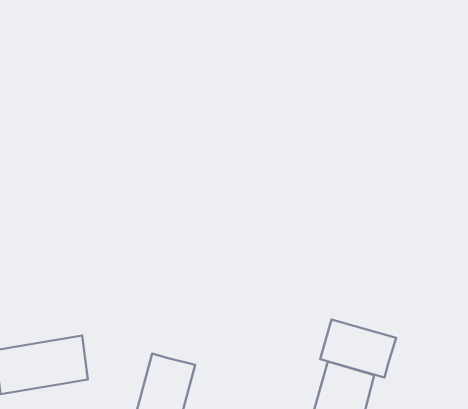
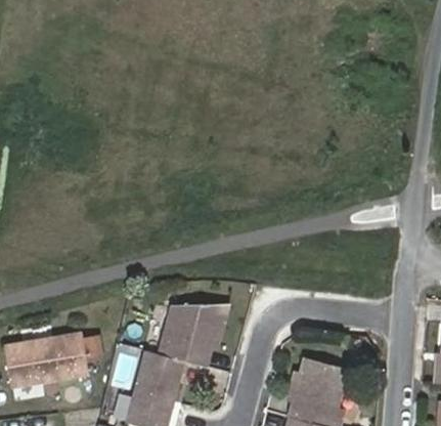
building: none -> [161,301,229,367]
building: [320,320,396,377] -> none

